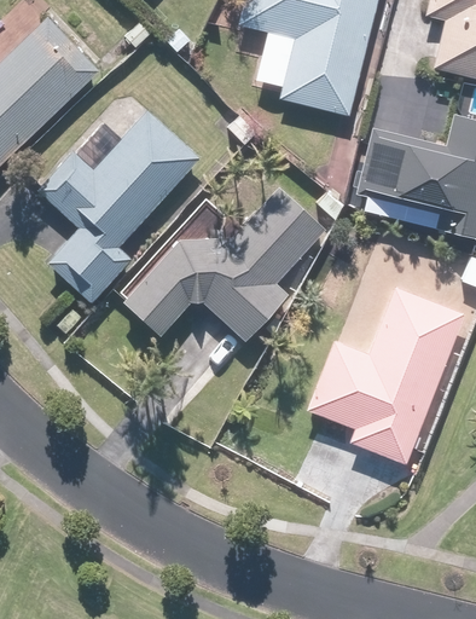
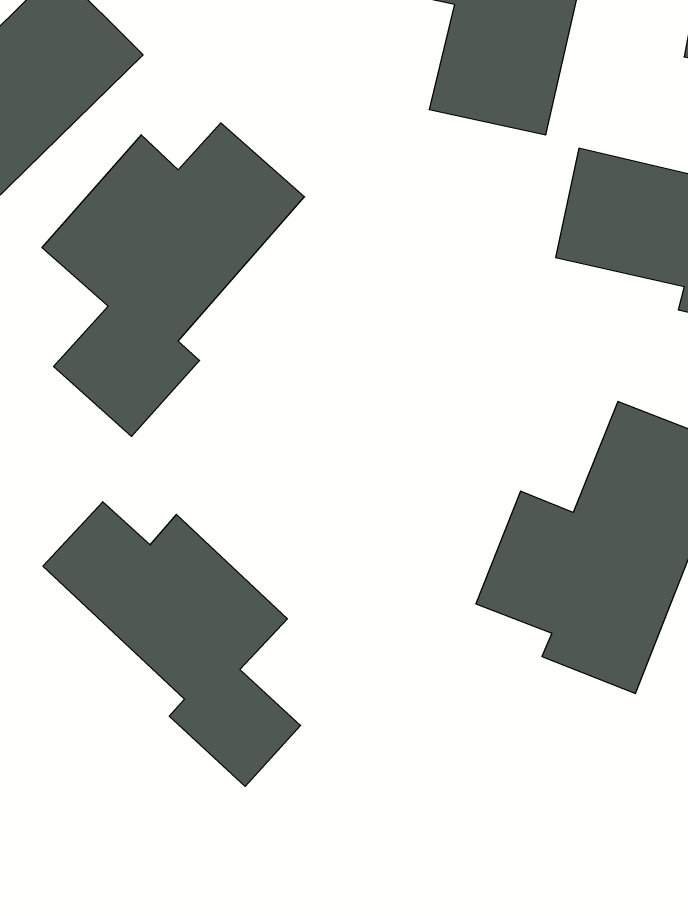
building: [127,185,327,340] -> none
building: none -> [43,502,301,786]

